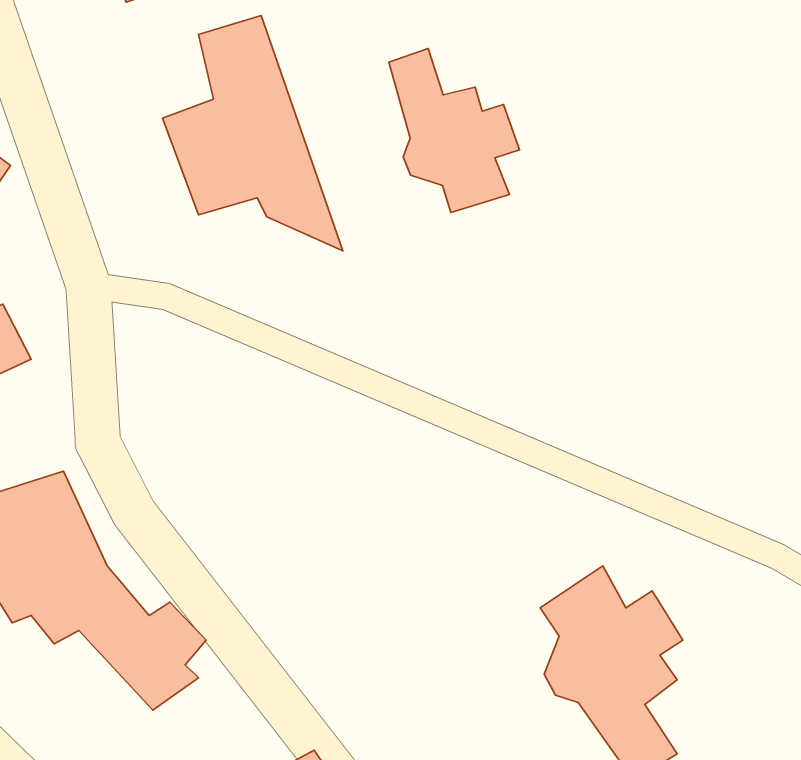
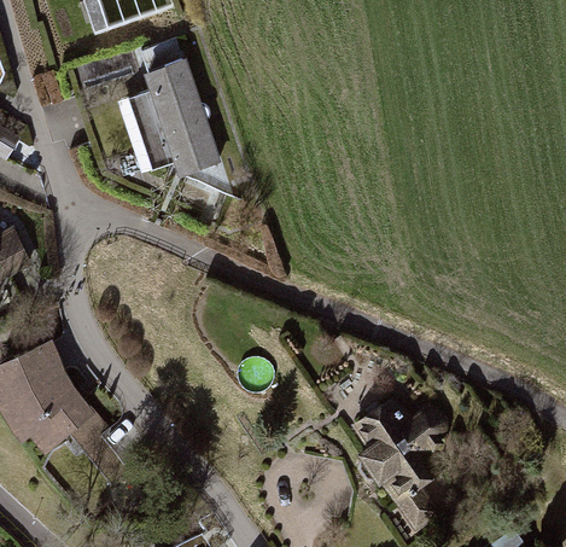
building: [389,48,519,212] -> none

